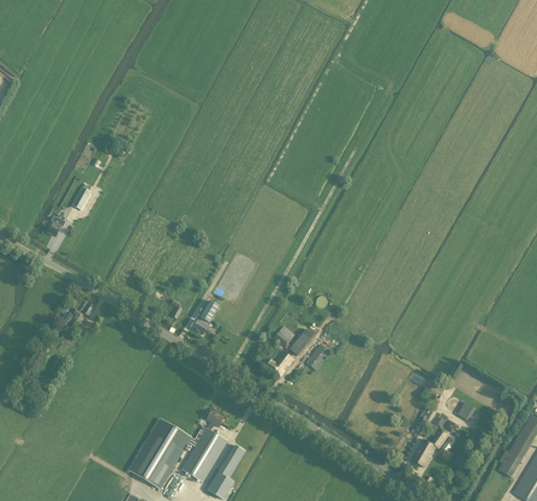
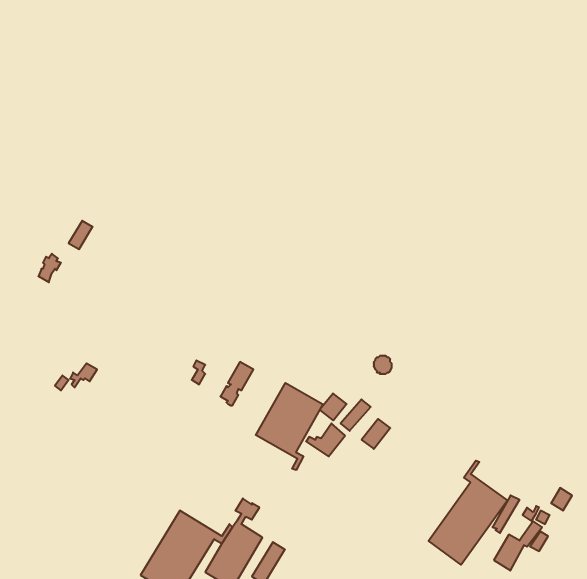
building: none -> [256,383,323,470]
building: none -> [429,461,508,565]

